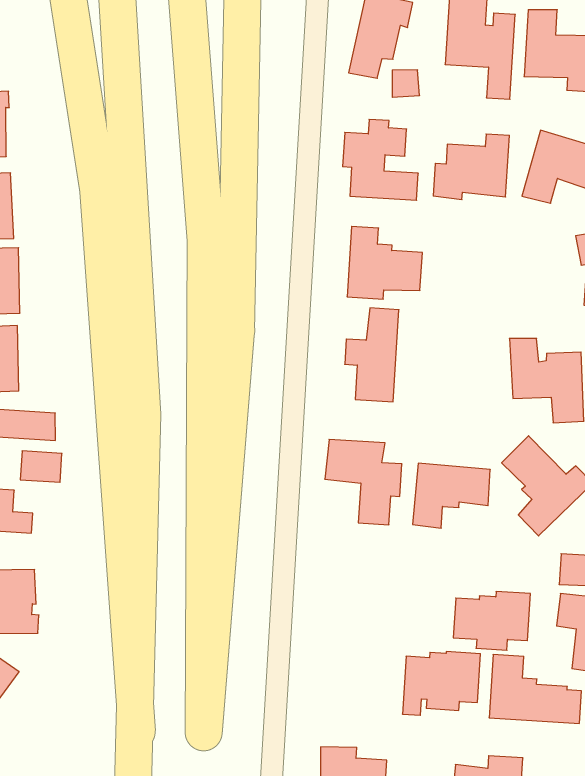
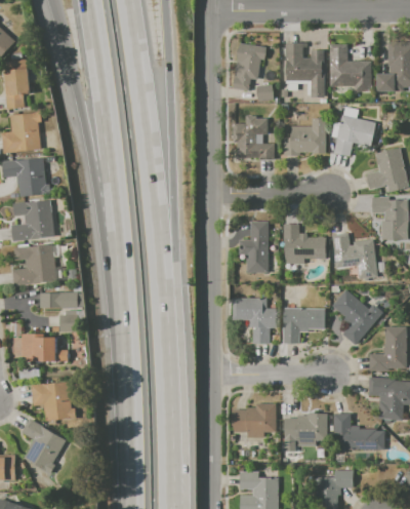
building: [347,226,422,299] -> [283,225,324,265]
building: [453,592,530,650] -> [234,404,276,437]

